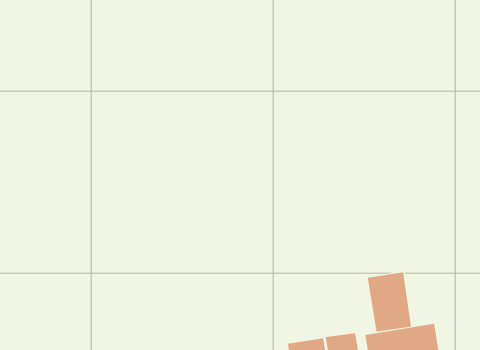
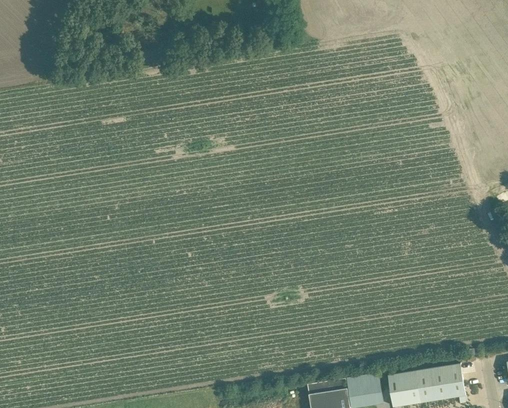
building: [367,271,411,333] -> none

